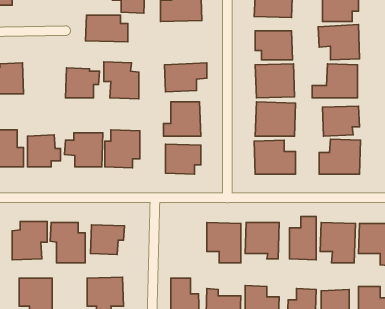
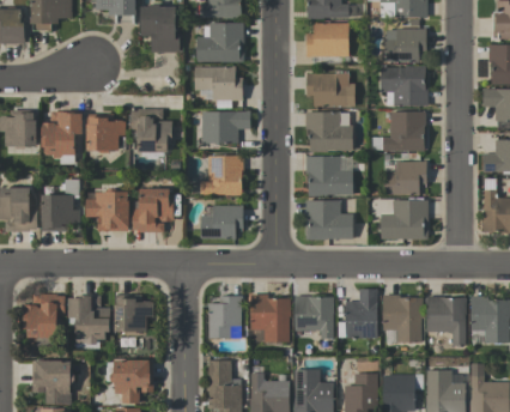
building: [86,15,128,42] -> [194,67,243,98]
building: none -> [42,111,83,156]
building: none -> [208,296,242,339]

